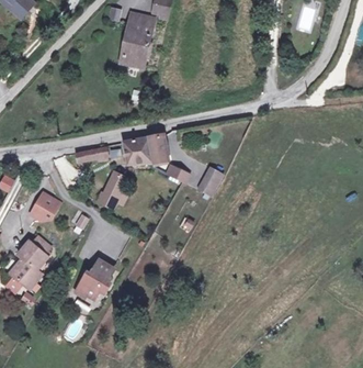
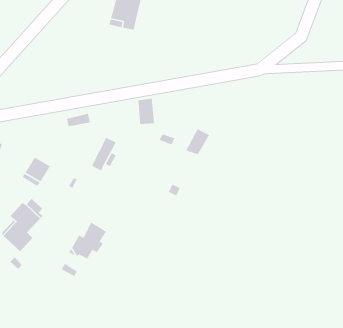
building: [122,134,150,161] -> none

